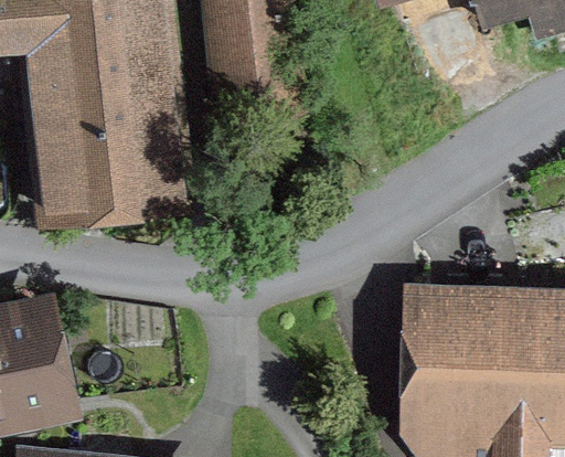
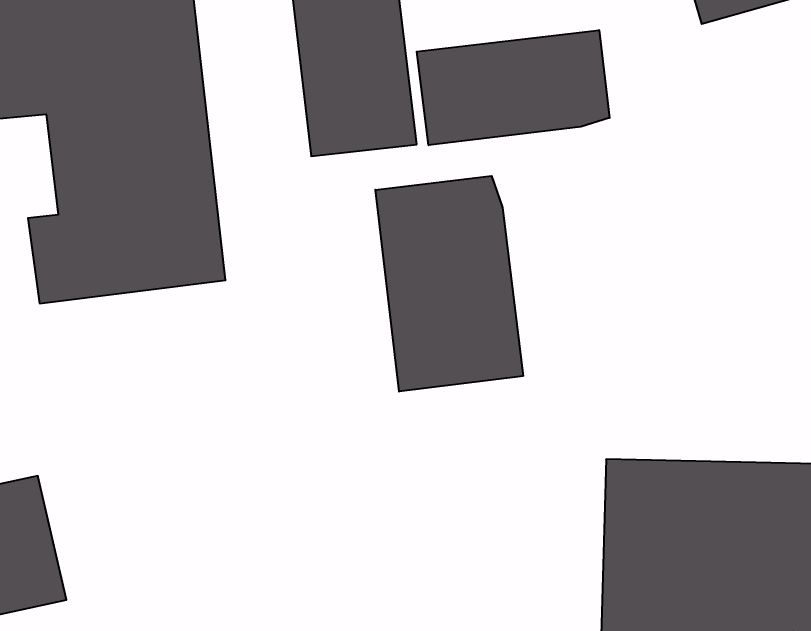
building: none -> [417,30,610,145]
building: none -> [375,176,523,392]

